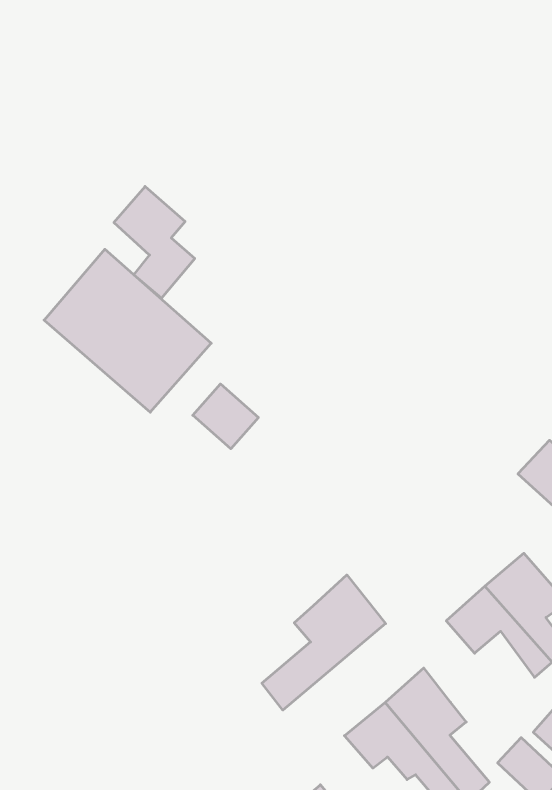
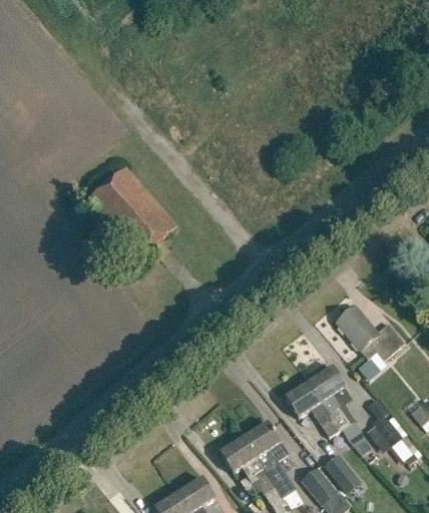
building: [114,186,195,298] -> none
building: [193,384,258,449] -> none
building: [262,575,386,710] -> none

